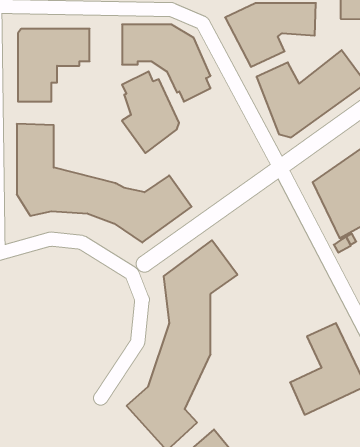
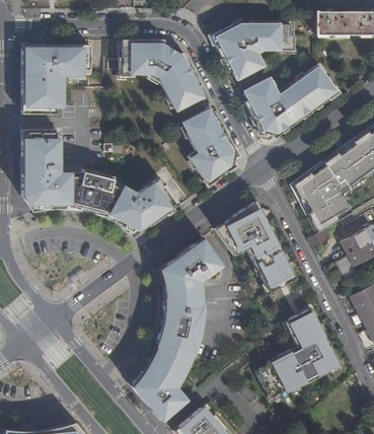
building: [122,71,179,153] -> [185,110,237,184]
building: none -> [217,198,293,291]

